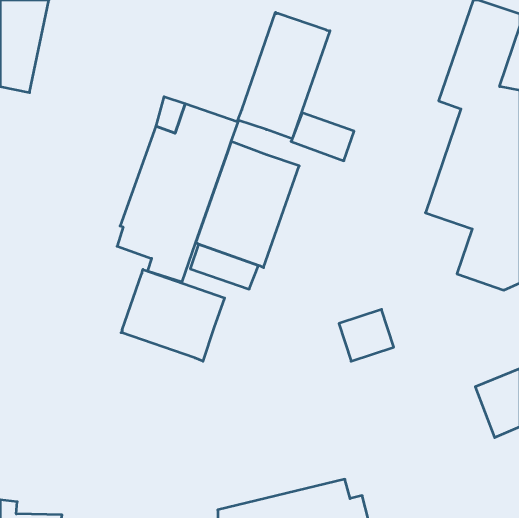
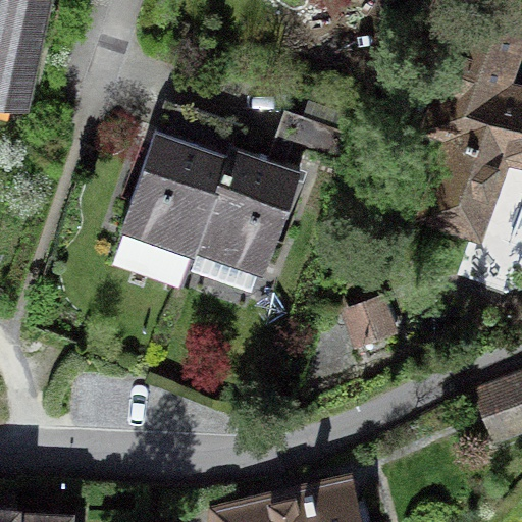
building: [238,12,330,139] -> none
building: [121,269,225,361] -> none

